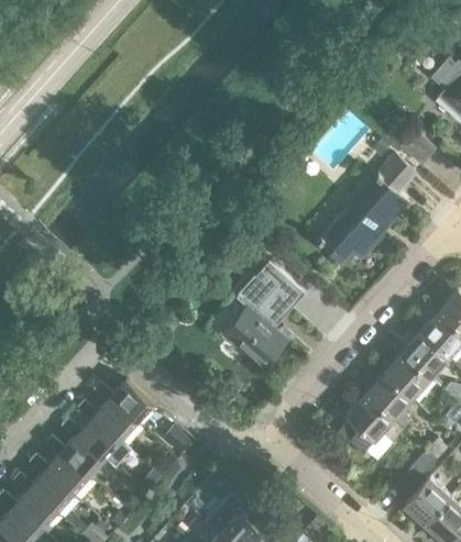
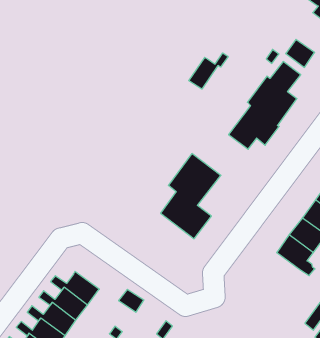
building: none -> [189,53,228,89]
building: [94,377,154,421] -> none
building: [339,395,404,454] -> none

